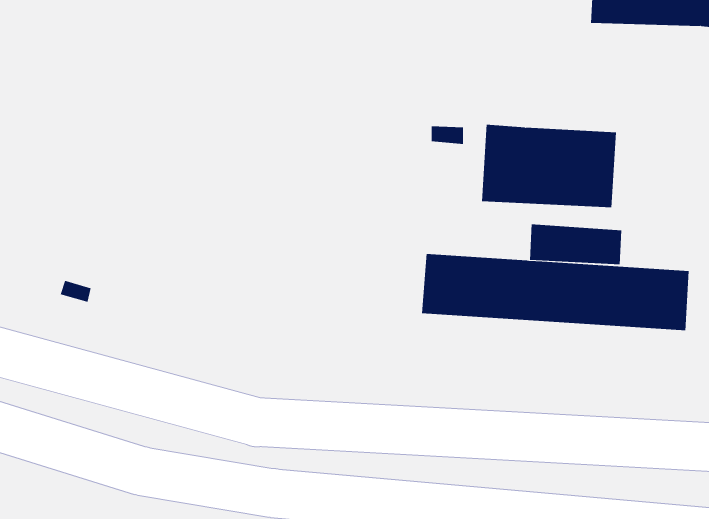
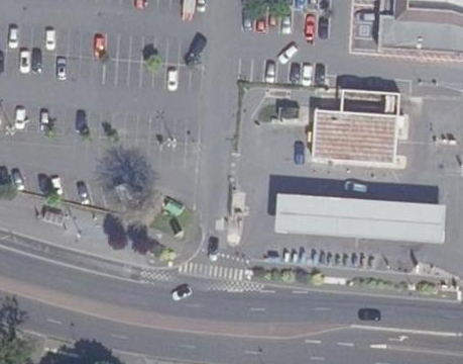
building: [529,224,622,265] -> [341,88,400,114]

